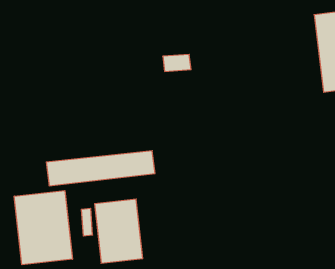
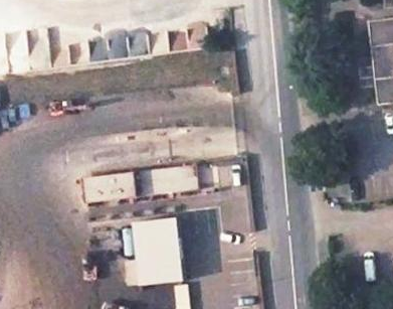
building: [14,191,72,265] -> none

